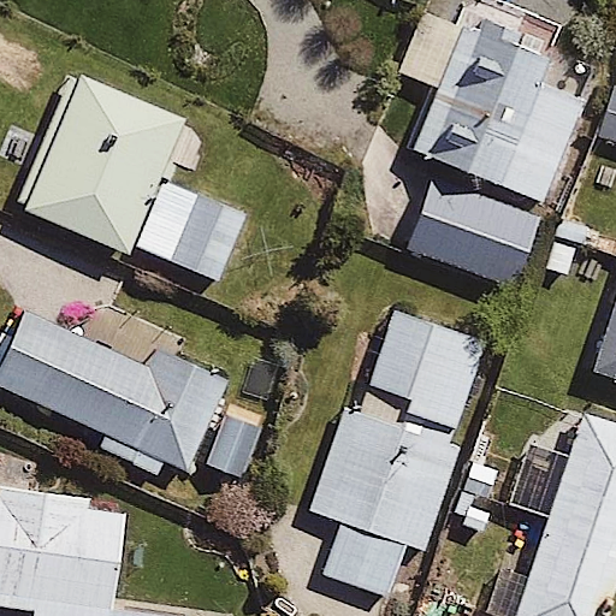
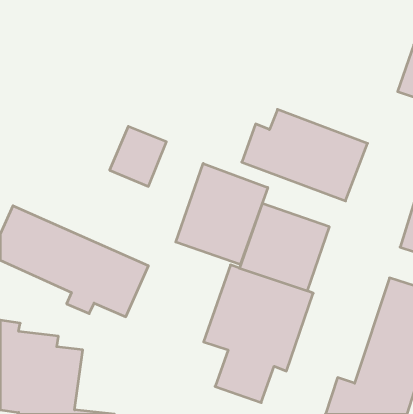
building: [398,10,591,213] -> none
building: [10,65,190,257] -> none
building: none -> [176,163,268,265]

